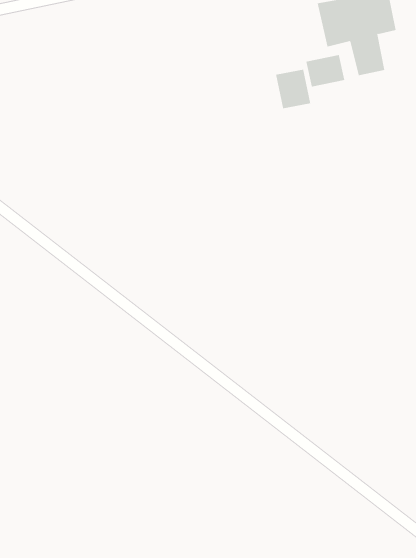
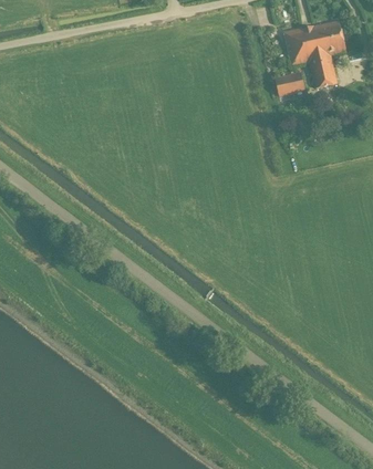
building: [276,69,311,109] -> none

